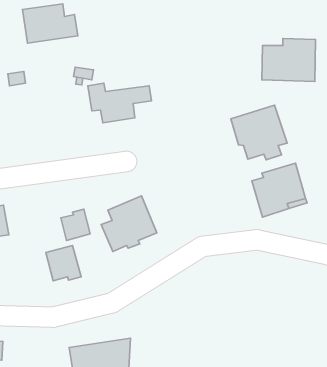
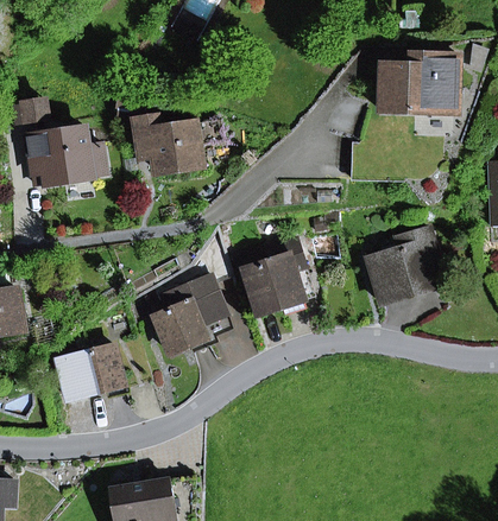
building: [22,4,78,43] -> [26,129,105,185]
building: [231,105,287,160] -> [233,240,313,317]
building: [61,209,90,240] -> none

